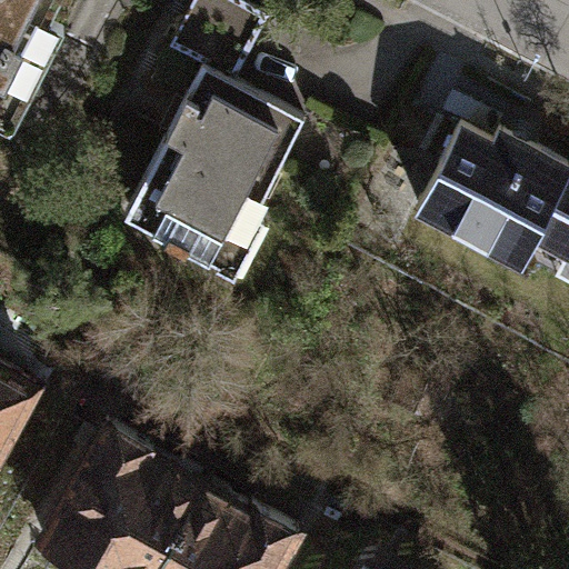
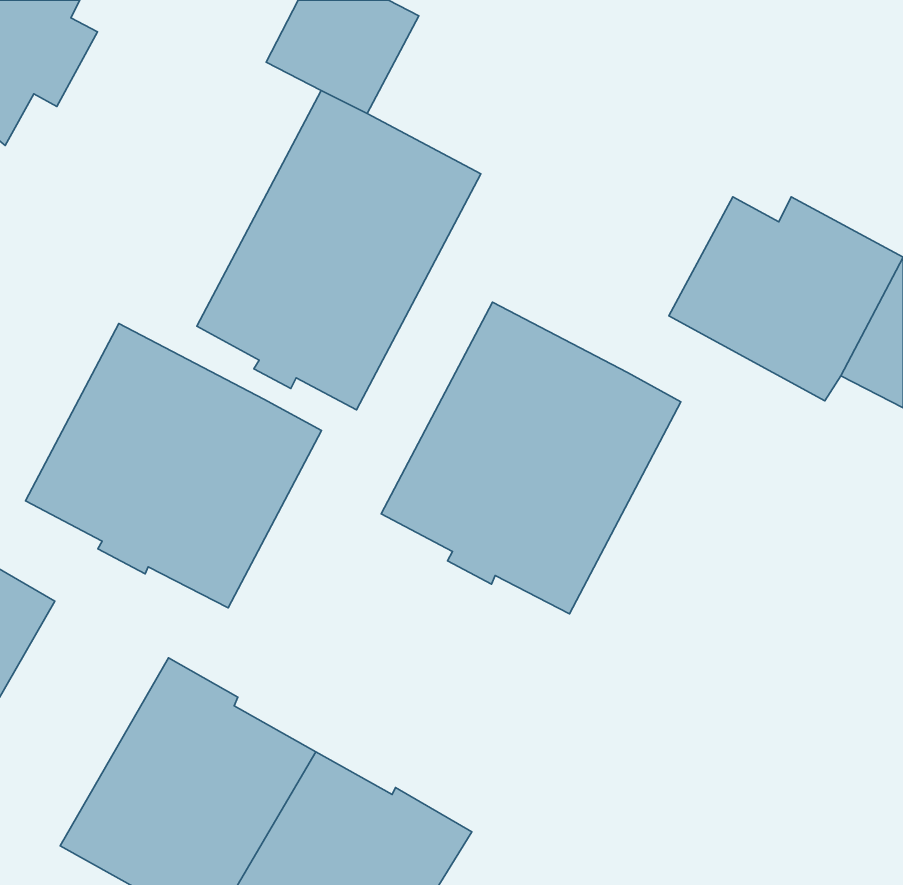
building: none -> [381,302,681,614]
building: none -> [25,323,322,608]

